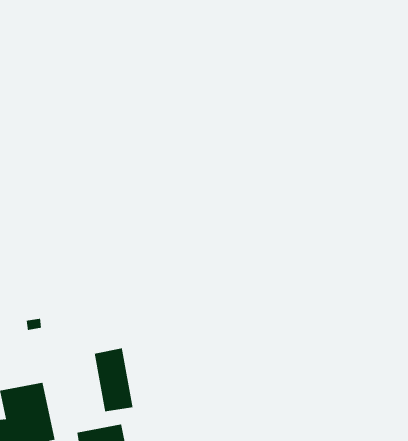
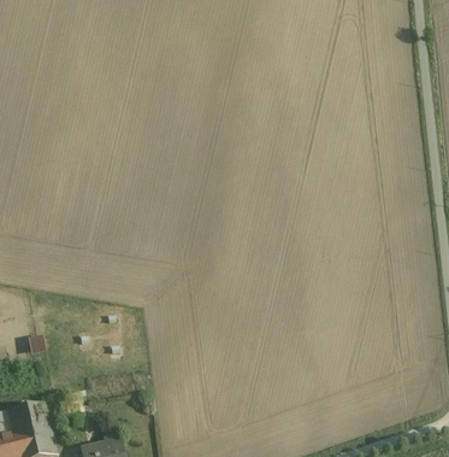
building: [94,347,133,412] -> none

